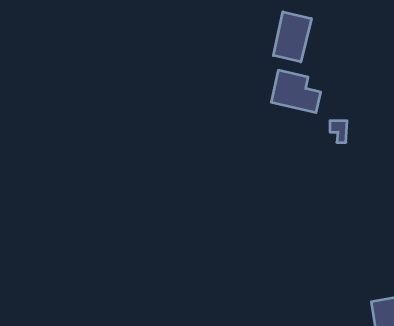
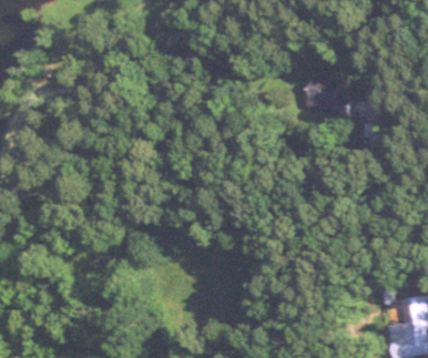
building: [273,12,311,62] -> none

